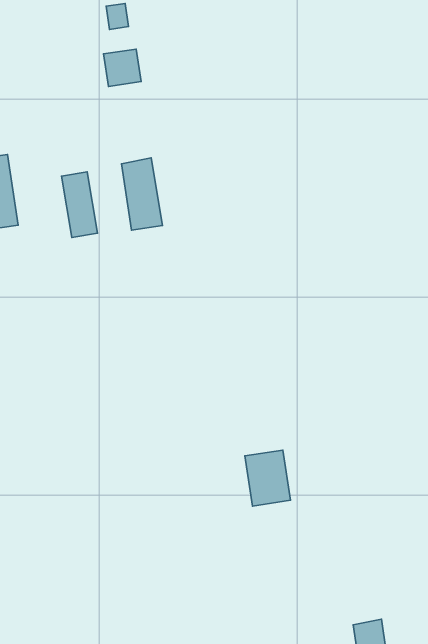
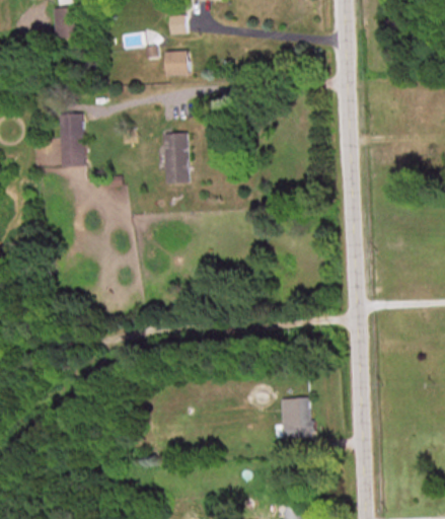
building: [62,172,97,237] -> none
building: [245,450,291,506] -> [282,398,310,436]

